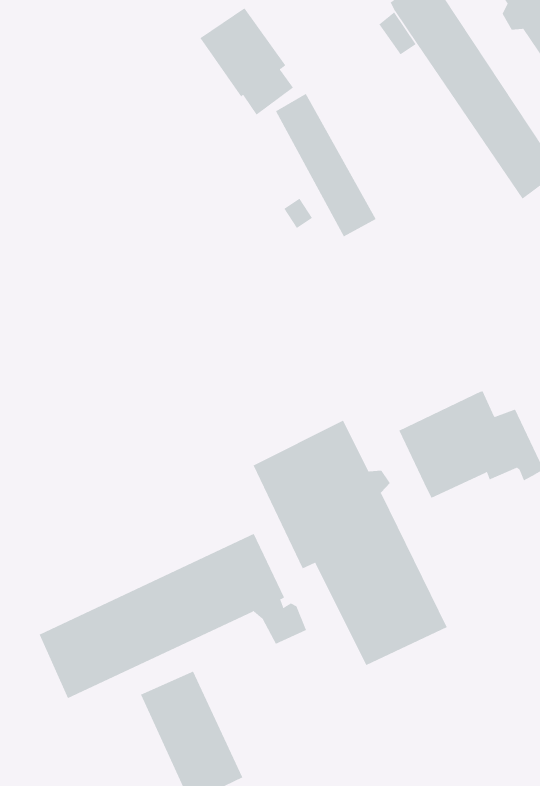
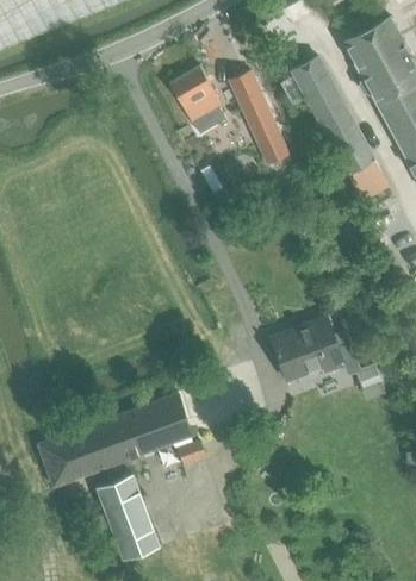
building: [275,93,376,237] -> [231,71,288,163]
building: [253,420,447,666] -> none

